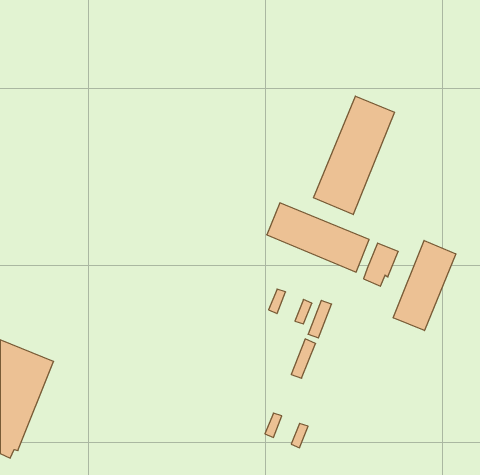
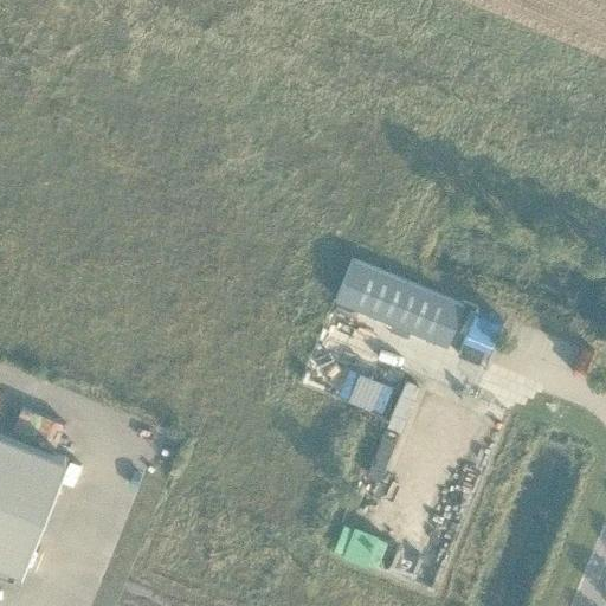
building: [313,96,394,215] -> none
building: [393,240,456,331] -> none

